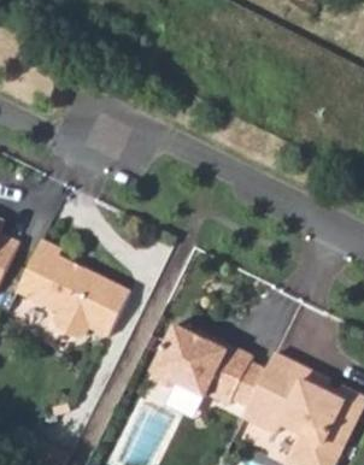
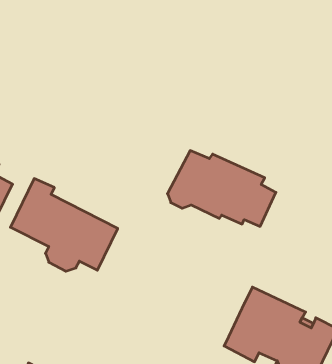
building: [149,325,265,406] -> [167,151,276,226]

